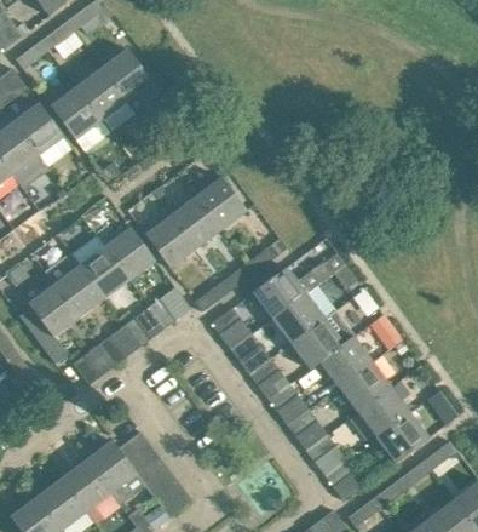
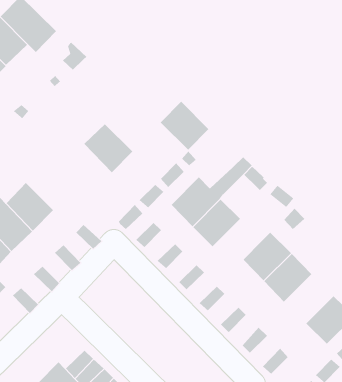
building: [196,177,247,230] -> [160,101,209,151]
building: [144,214,196,269] -> none
building: [104,227,155,280] -> none
building: [290,310,353,368] -> none
building: [357,387,410,437] -> none

